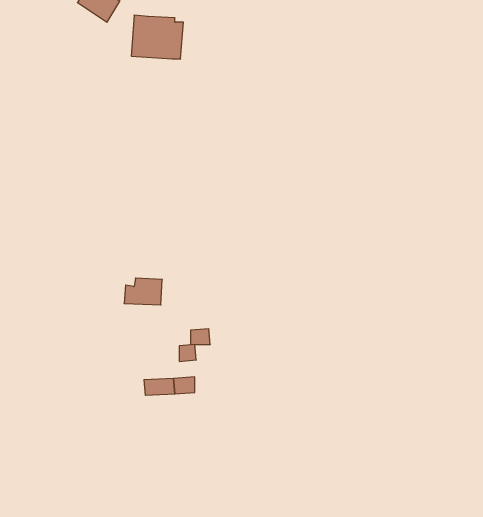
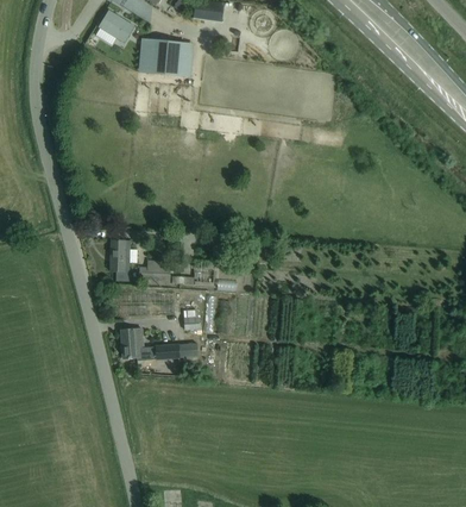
building: none -> [111,239,137,281]
building: none -> [121,327,156,359]

